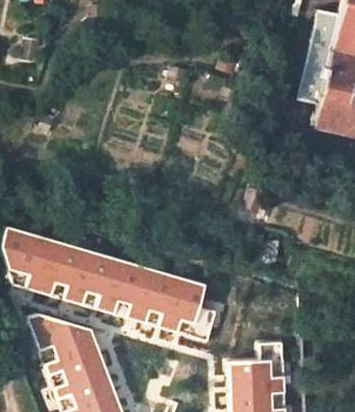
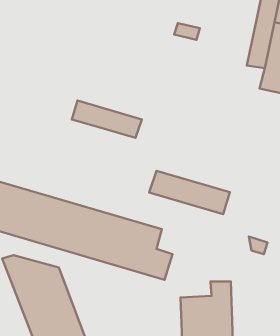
building: none -> [72,101,142,138]
building: none -> [149,171,230,214]

